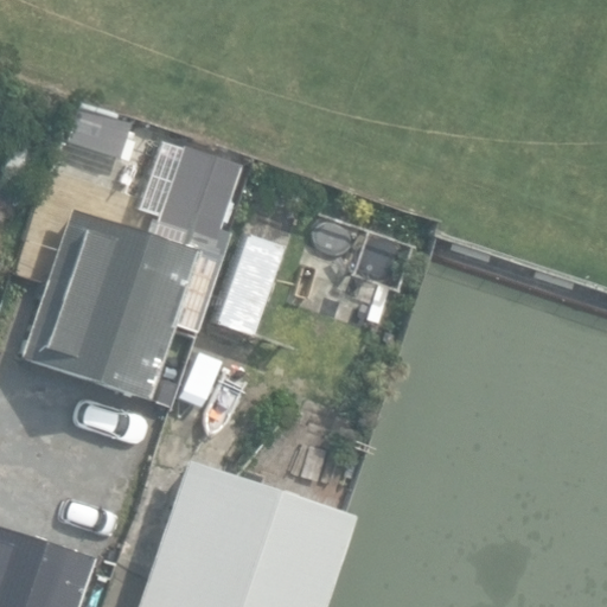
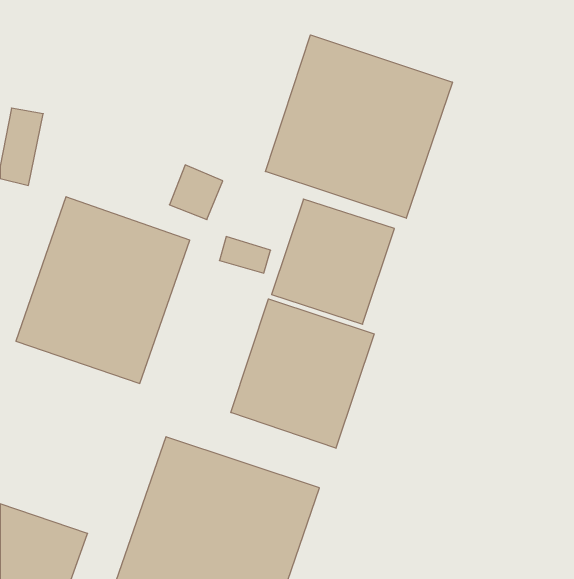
building: none -> [265,35,452,218]
building: none -> [231,299,374,448]

